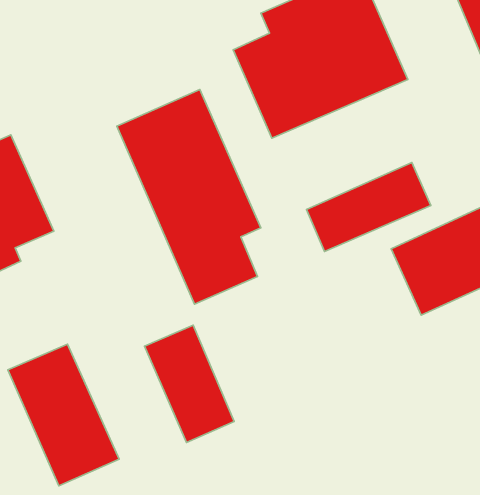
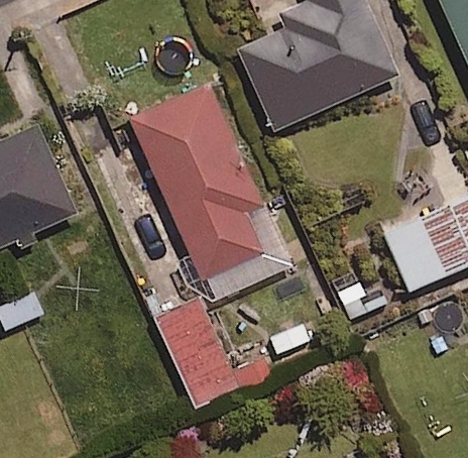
building: [307,163,431,252] -> none
building: [8,344,119,486] -> none

